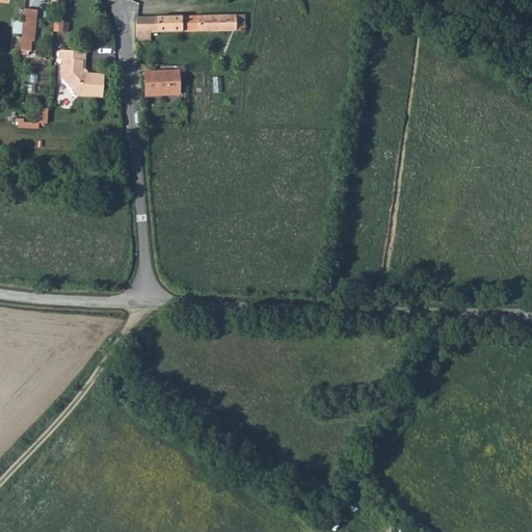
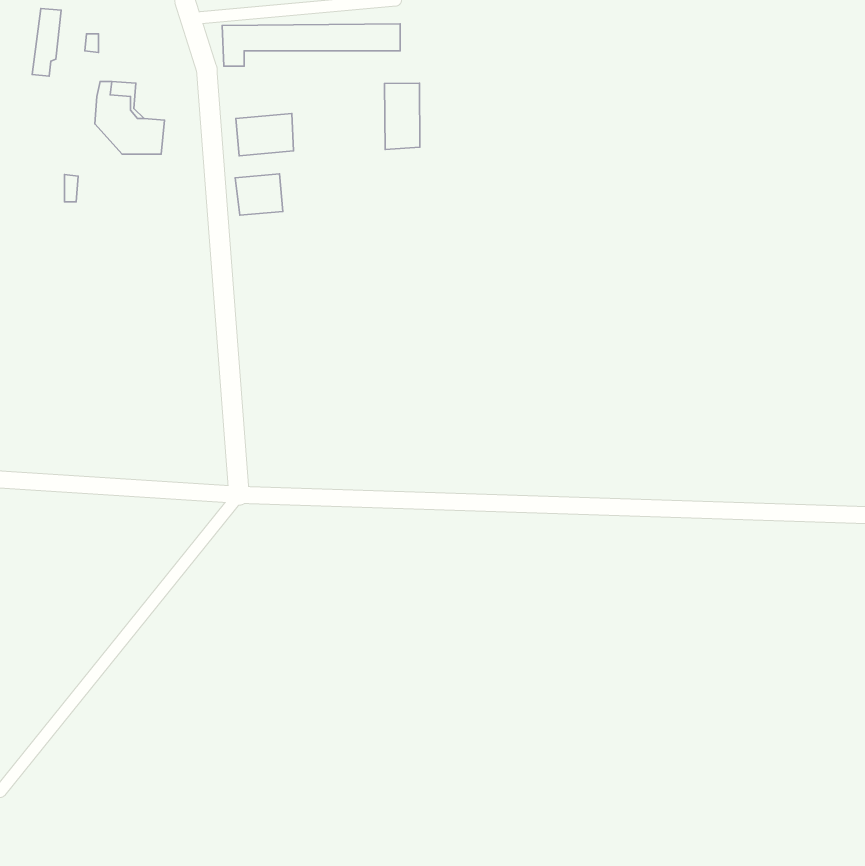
building: none -> [385,83,420,150]
building: none -> [235,174,283,215]

